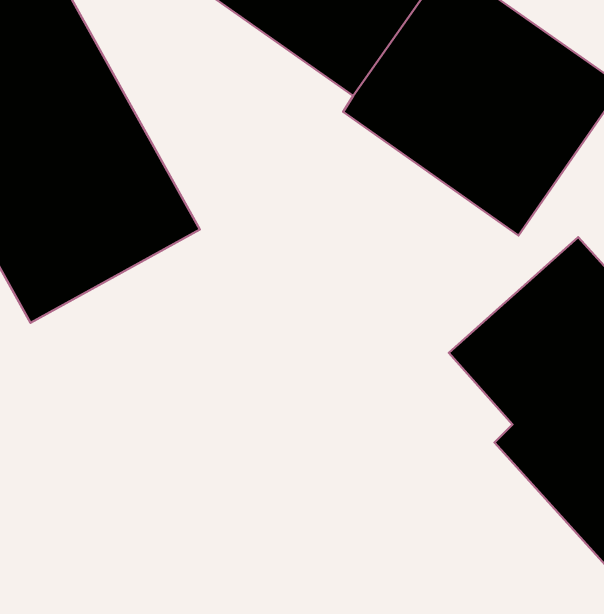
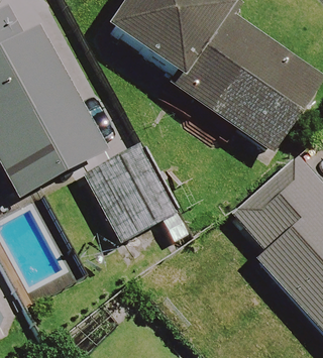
building: none -> [85,143,177,240]

